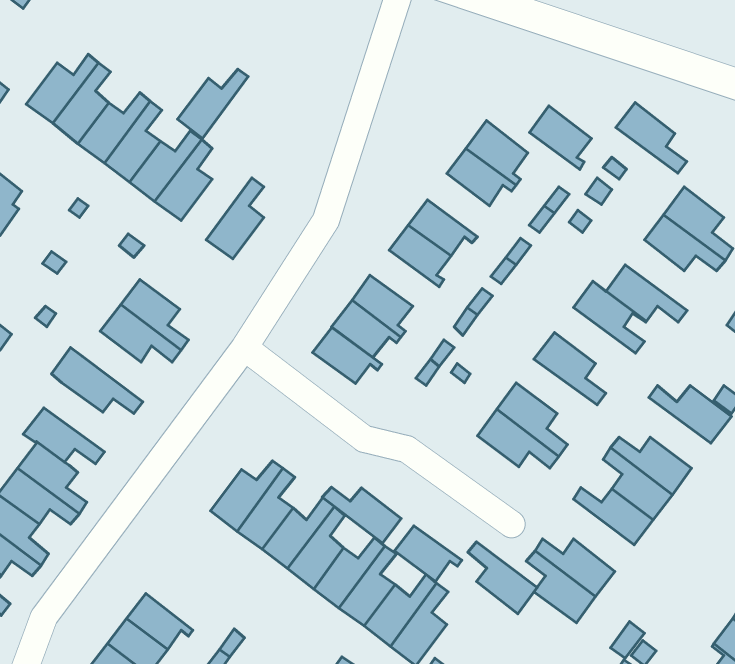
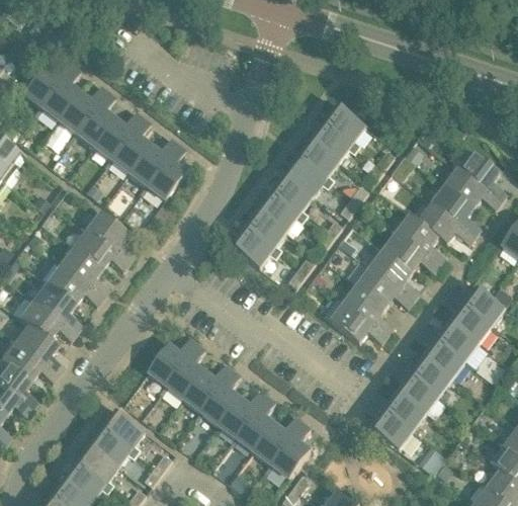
building: [177,69,248,138] -> [127,139,176,186]
building: [616,102,687,173] -> [432,186,481,235]
building: [530,106,592,169] -> [296,141,339,184]
building: none -> [383,233,439,271]
building: [313,327,382,383] -> [257,193,305,232]
building: none -> [60,249,106,298]
building: none -> [357,268,413,307]
building: none -> [33,284,80,332]
building: none -> [443,294,491,343]
building: [322,487,401,543] -> none
building: [395,526,462,581] -> none
building: [468,542,537,614] -> [391,364,438,414]
building: none -> [103,410,146,454]

